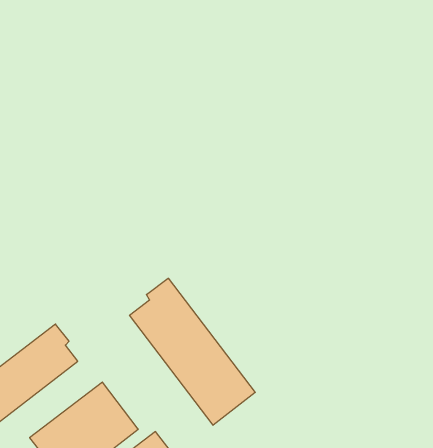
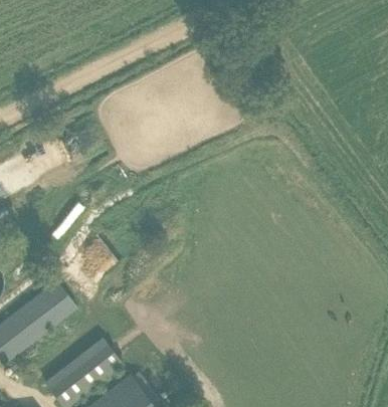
building: [130,278,255,425] -> none

